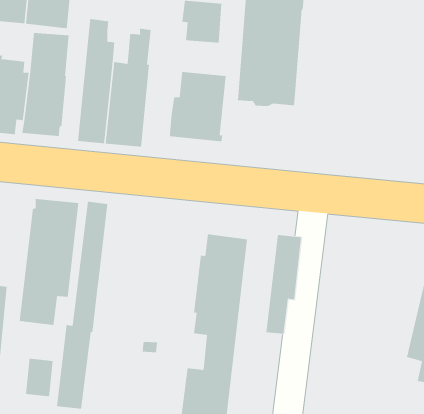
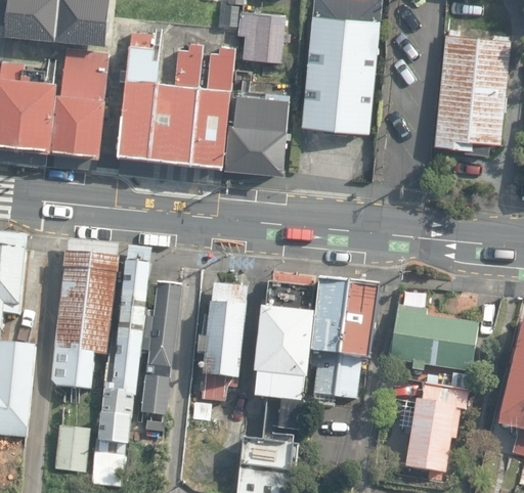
building: none -> [434,30,510,156]
building: none -> [191,48,233,185]
building: none -> [310,279,348,404]
building: none -> [140,283,182,416]
building: none -> [193,283,247,403]
building: none -> [388,306,475,372]
building: none -> [405,384,468,475]

